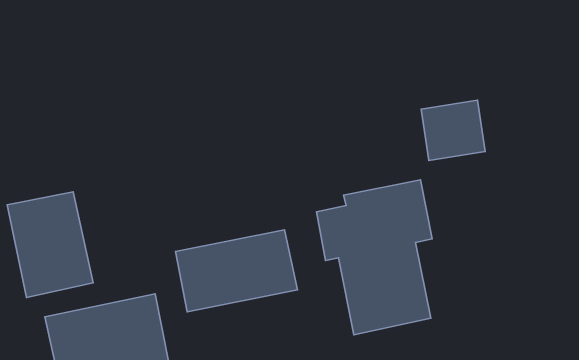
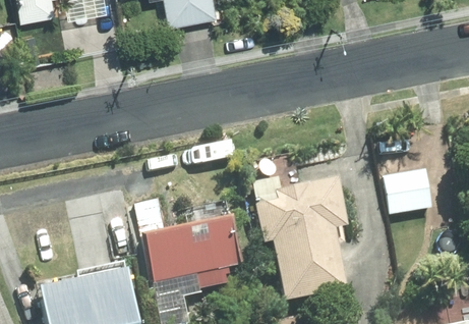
building: [421,100,485,161] -> [382,168,432,216]
building: [7,192,93,297] -> none

